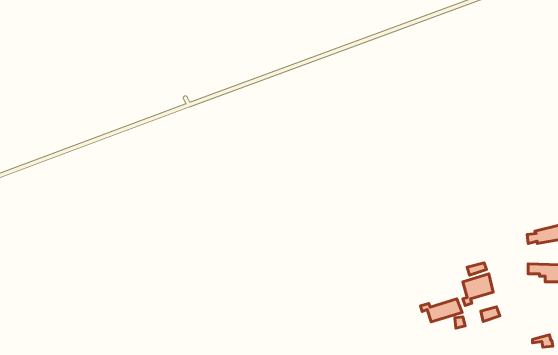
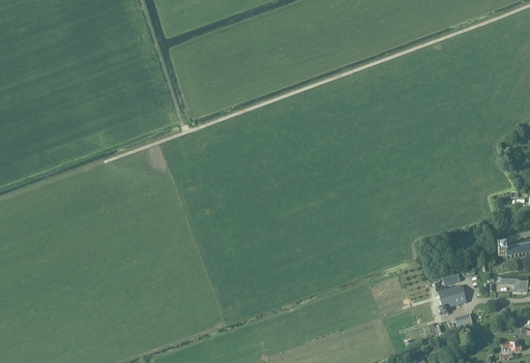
building: [421,299,462,322] -> none

